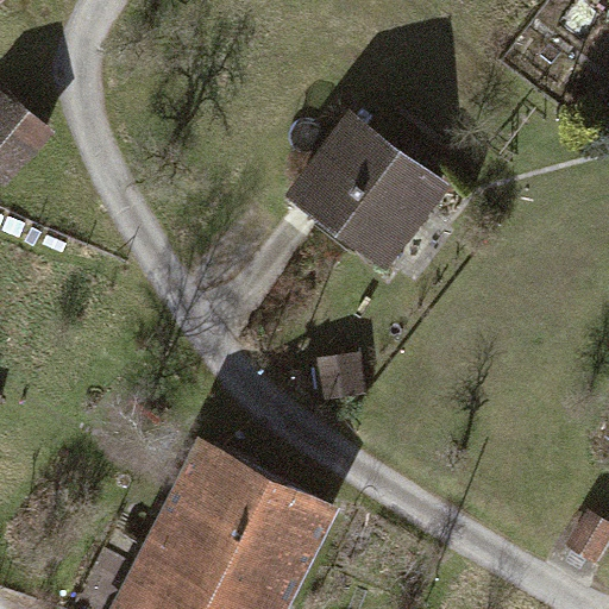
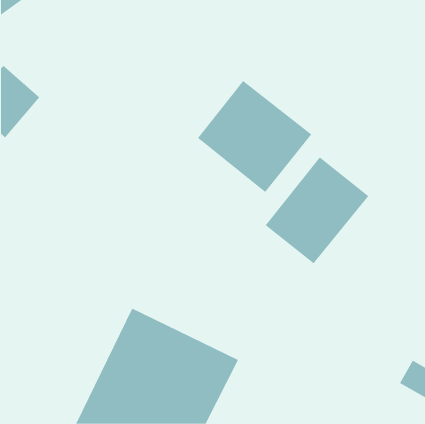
building: none -> [265,157,369,264]

